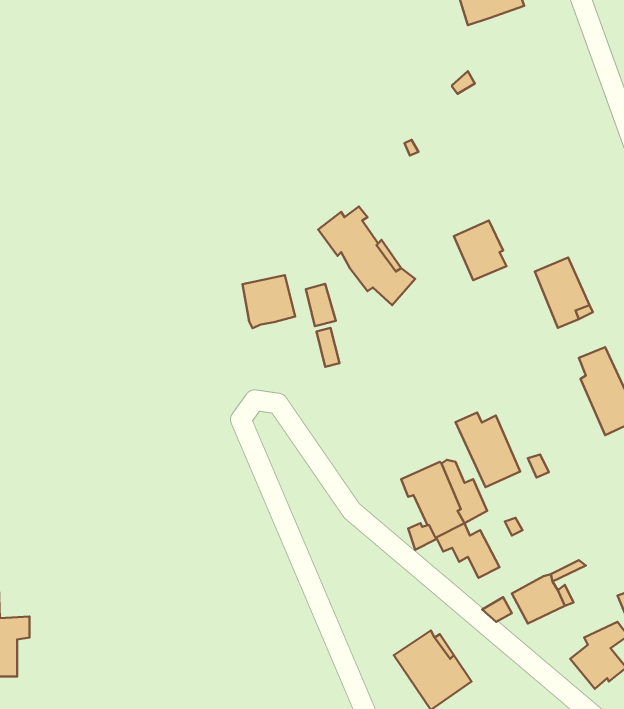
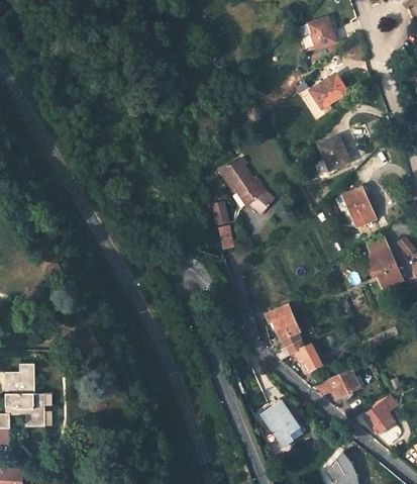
building: none -> [310,74,347,109]
building: [454,220,507,280] -> [318,136,348,171]
building: [243,275,295,328] -> none
building: [455,412,520,487] -> none

